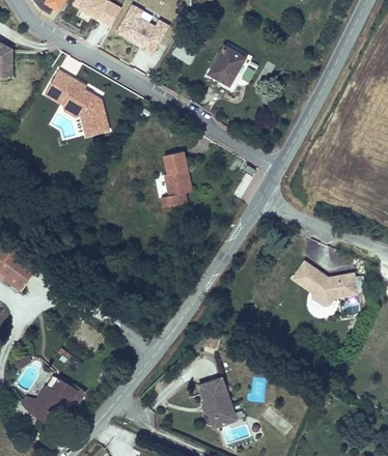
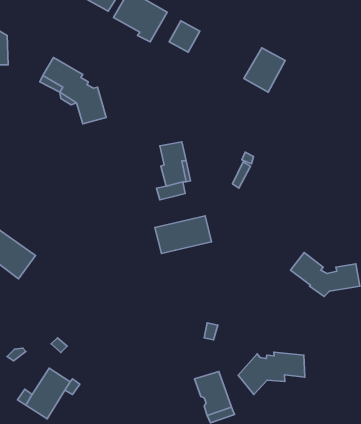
building: [206,41,247,85] -> [244,48,285,92]
building: none -> [155,216,212,253]
building: none -> [238,352,305,395]

